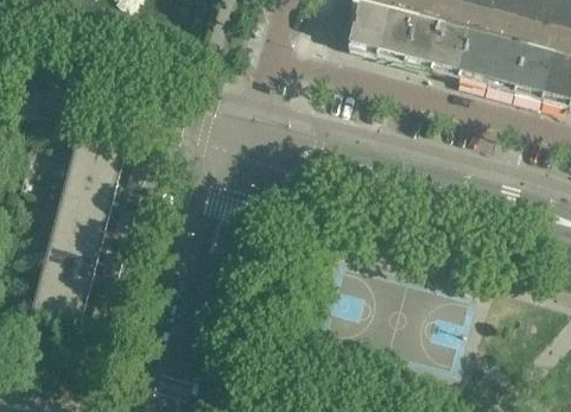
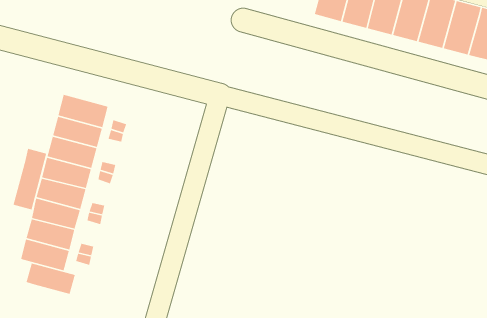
building: none -> [12,148,47,210]
building: none -> [25,262,76,295]

